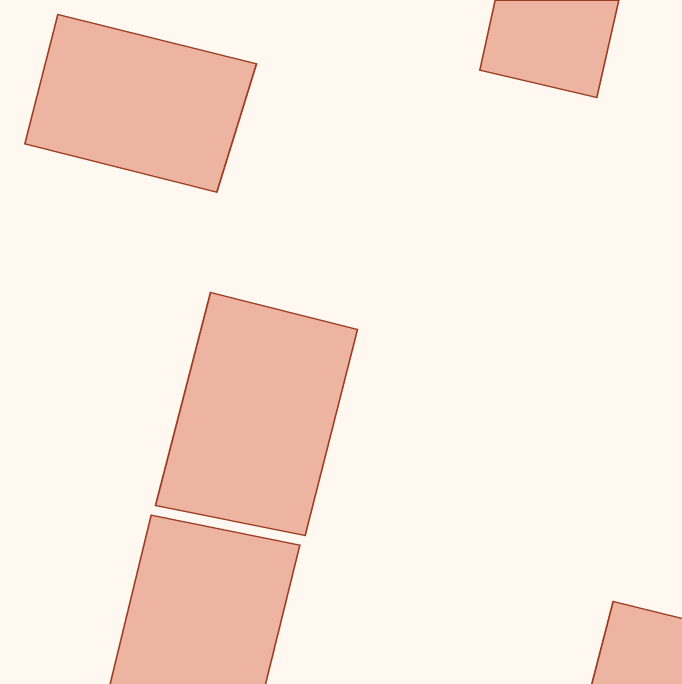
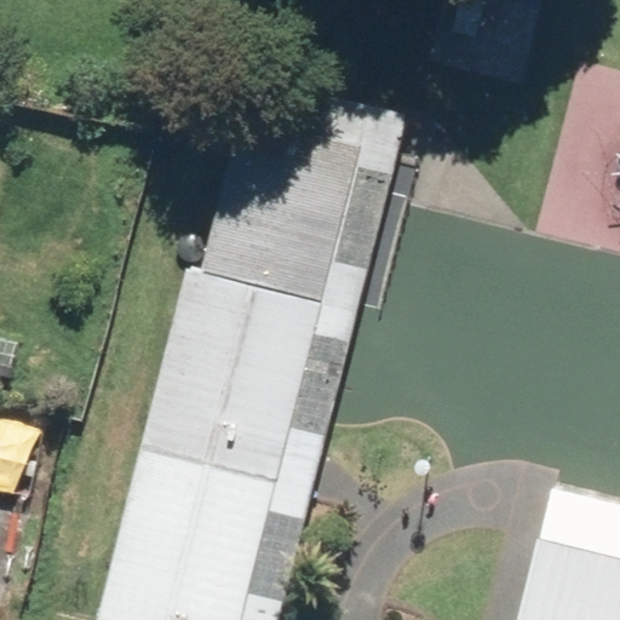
building: [25,14,257,192] -> none
building: none -> [203,78,385,306]

